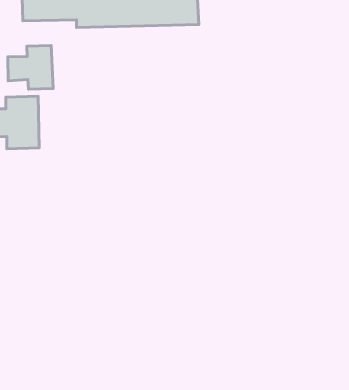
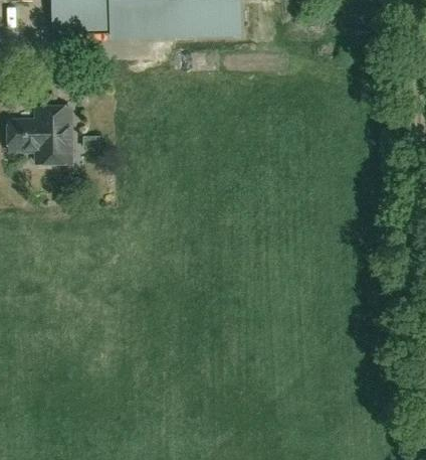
building: [8,45,53,89] -> none

